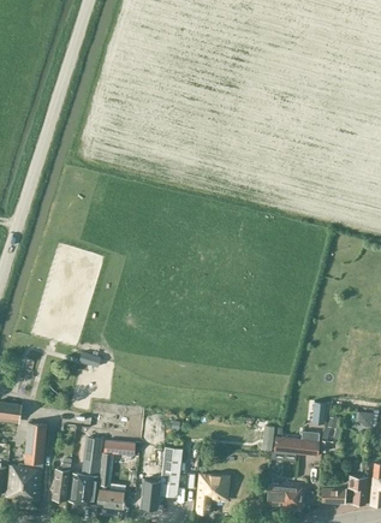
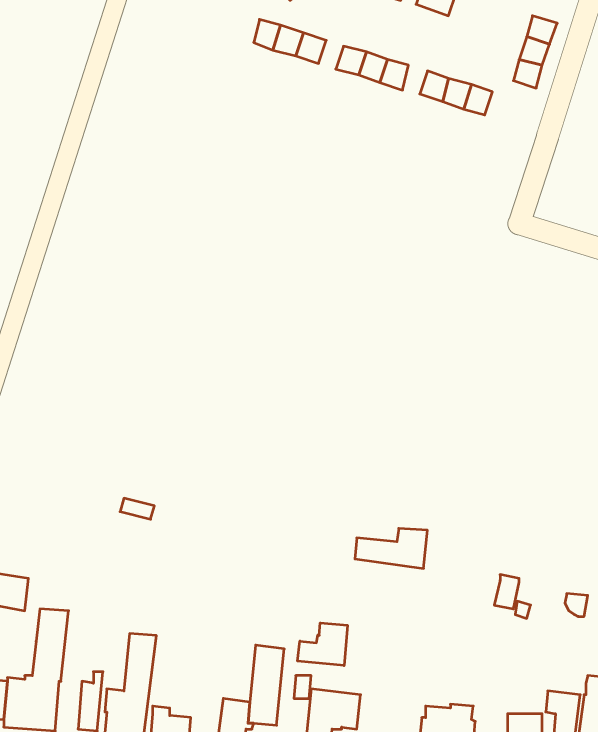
building: [273,430,319,456] -> [355,528,427,568]
building: none -> [298,623,347,666]
building: [97,439,135,485] -> none

